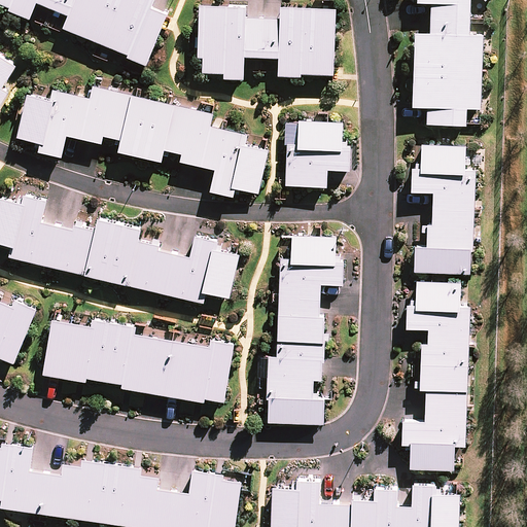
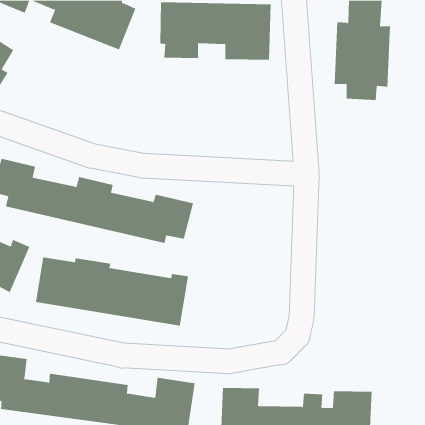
building: [16,87,269,197] -> none
building: [285,120,352,185] -> none
building: [412,145,473,273] -> none
building: [265,236,343,425] -> none
building: [401,283,469,470] -> none

